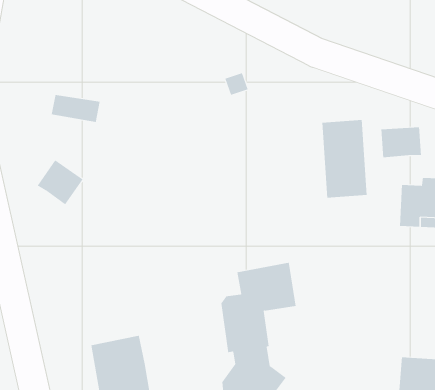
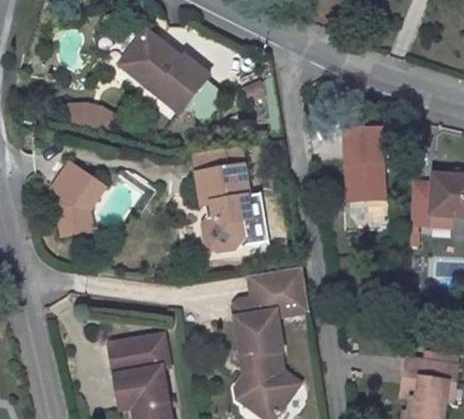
building: none -> [124,33,213,113]
building: [381,126,421,158] -> none
building: none -> [192,148,260,250]
building: none -> [56,184,104,234]

